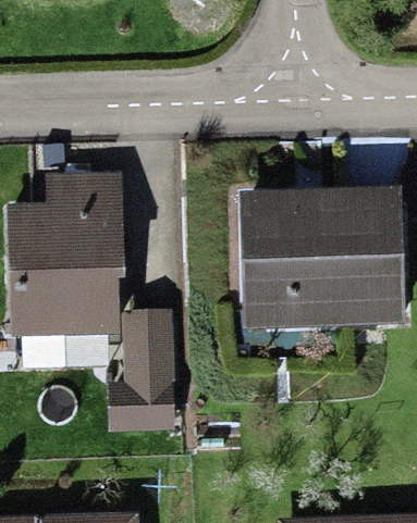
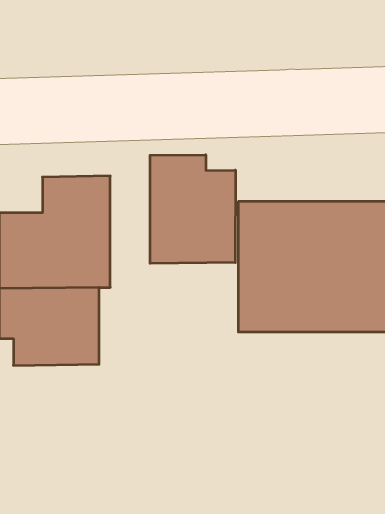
building: none -> [150,155,235,263]
building: [113,315,177,424] -> none

